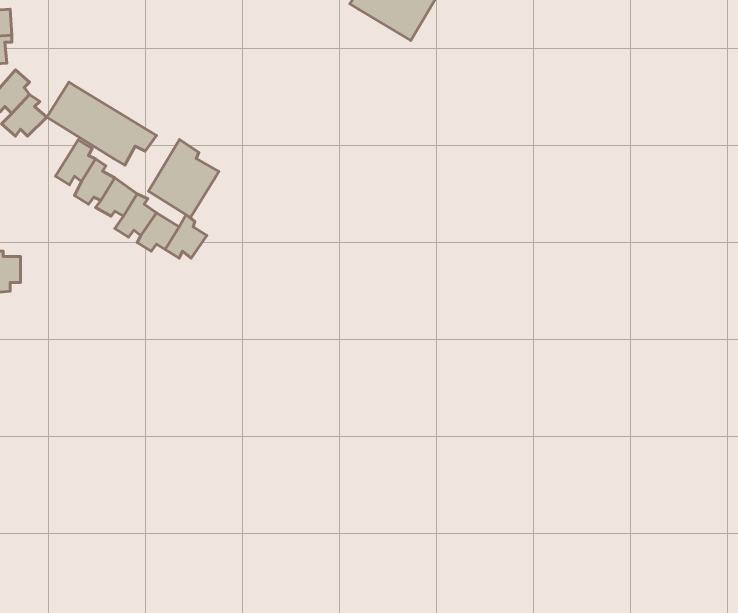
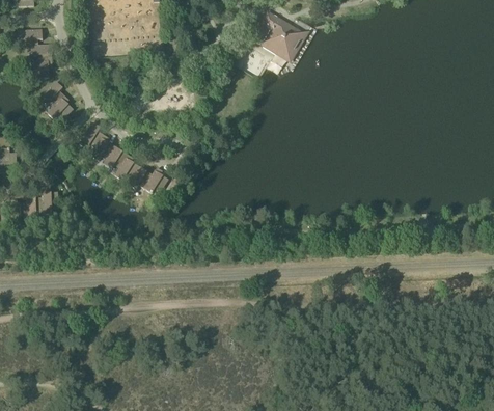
building: [47,82,157,165] -> none
building: [149,139,219,217] -> none

